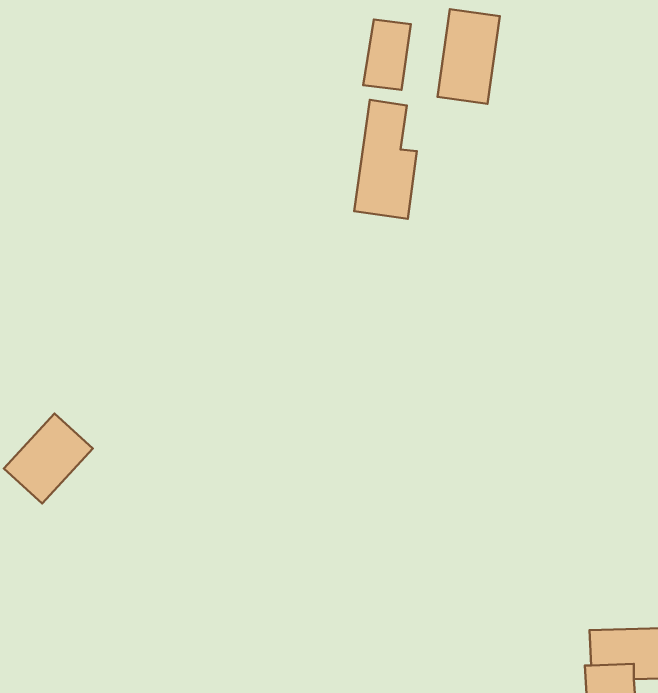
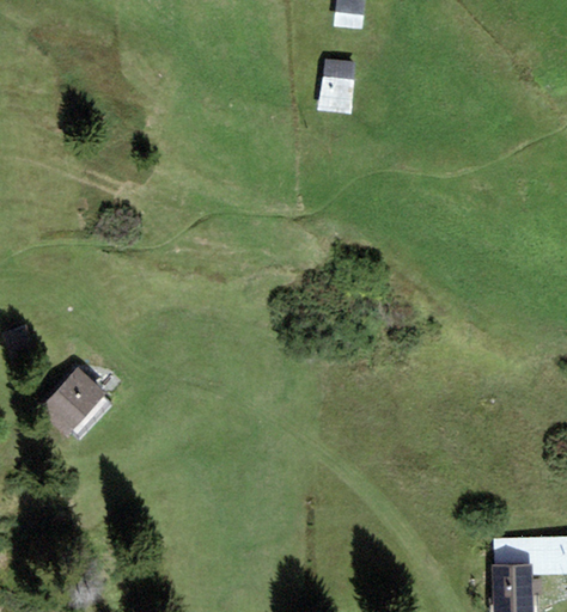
building: [438,9,500,104] -> none
building: [354,100,417,219] -> none

